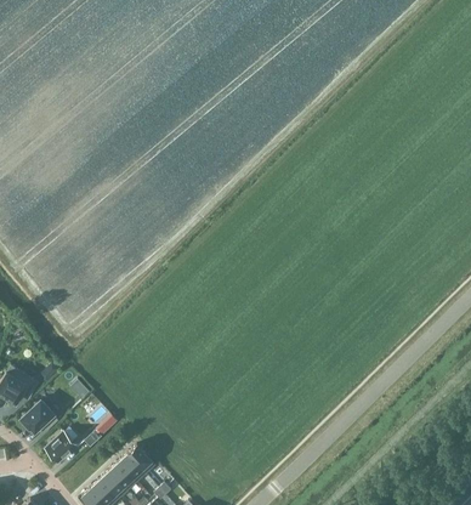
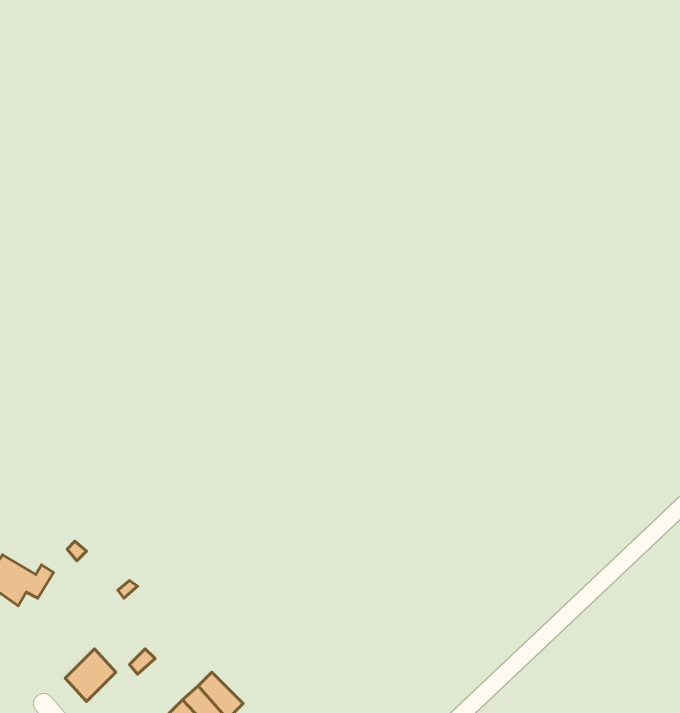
building: [19,401,57,435] -> none

